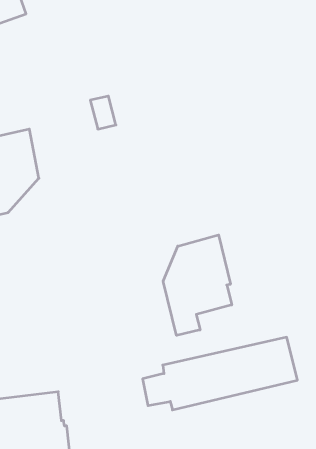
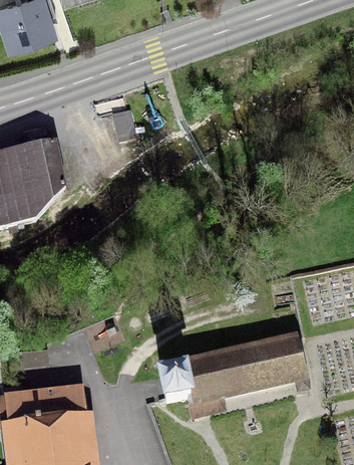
building: [163,235,232,335] -> none

